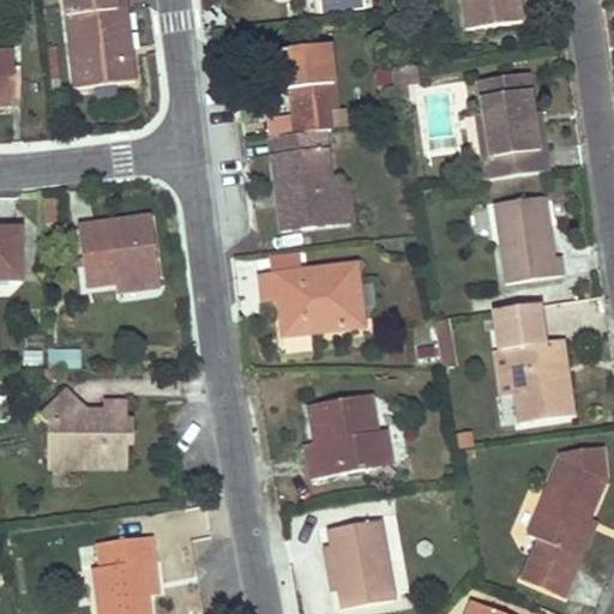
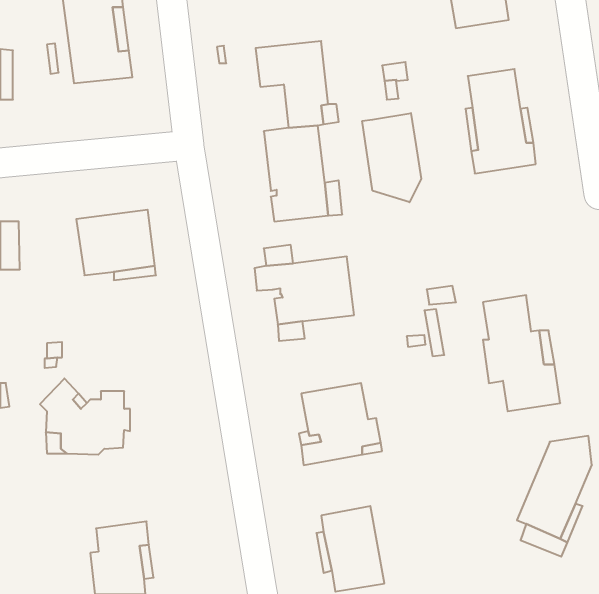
building: none -> [362,113,421,202]
building: [494,194,564,281] -> none
building: [523,553,574,592] -> none

